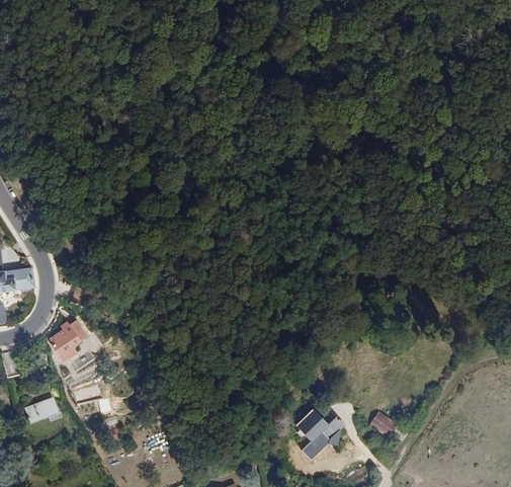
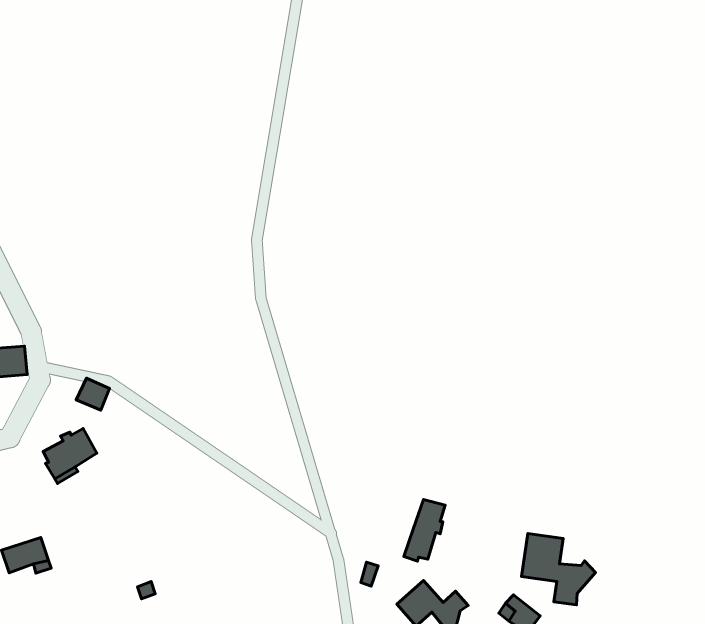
building: none -> [404,500,445,561]
building: none -> [522,534,595,605]

